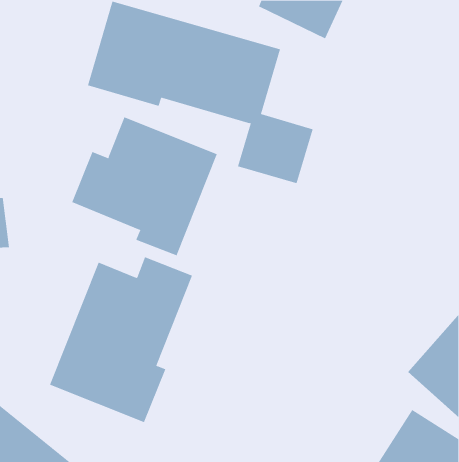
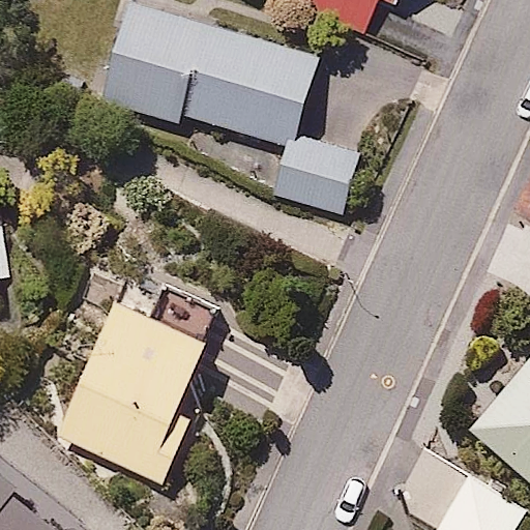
building: [71,117,218,256] -> none

